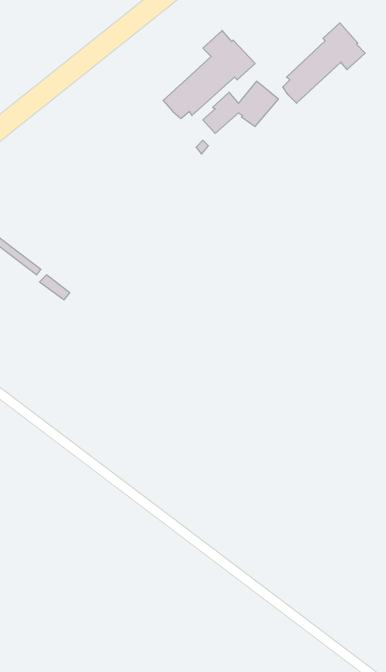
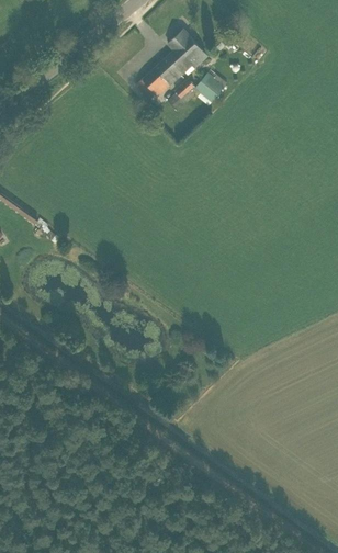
building: [283,23,365,103] -> none

